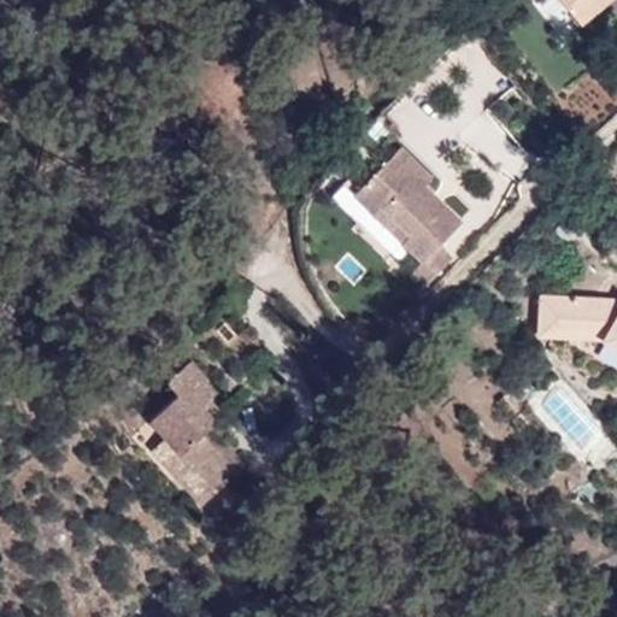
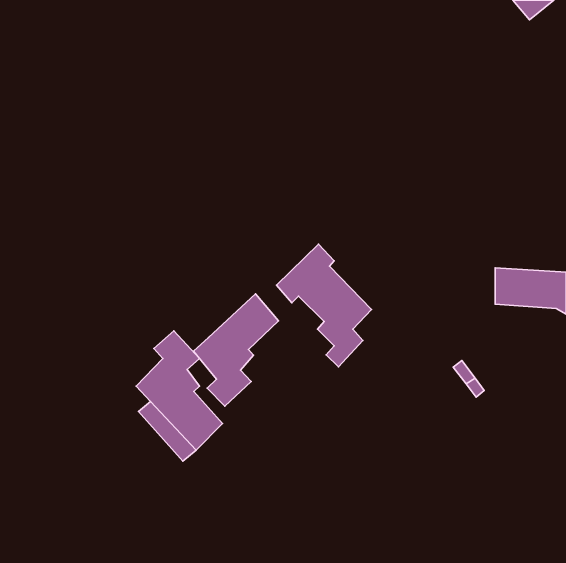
building: [357,152,460,286] -> [276,244,372,367]
building: none -> [193,294,278,406]

